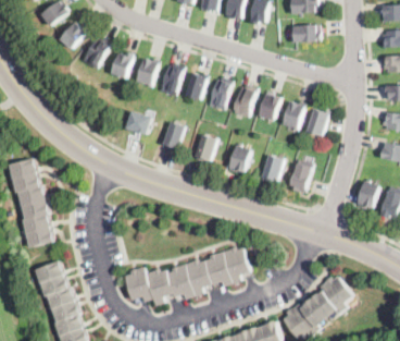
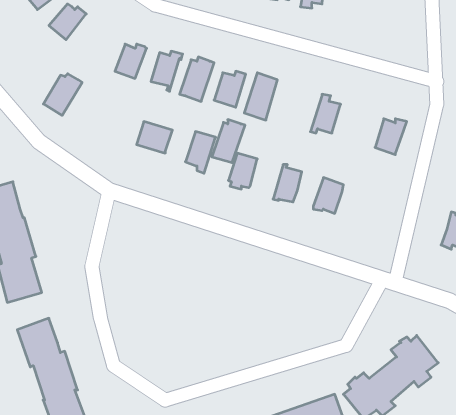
building: [289,26,321,42] -> none
building: [83,37,112,69] -> [43,74,82,115]
building: [233,84,258,117] -> [212,120,245,163]
building: [283,101,305,131] -> none
building: [288,159,313,193] -> none
building: [124,246,251,306] -> none

